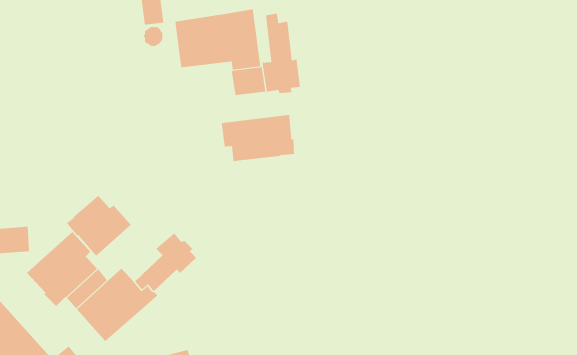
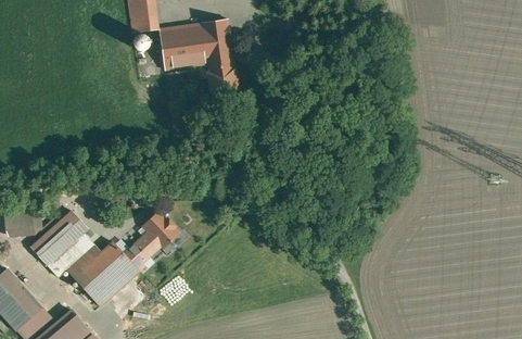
building: [262,13,300,94] -> none
building: [221,114,295,162] -> none
building: [66,195,132,257] -> none

